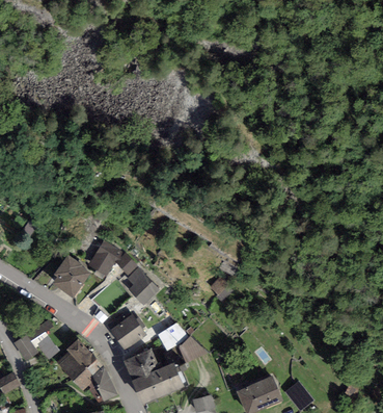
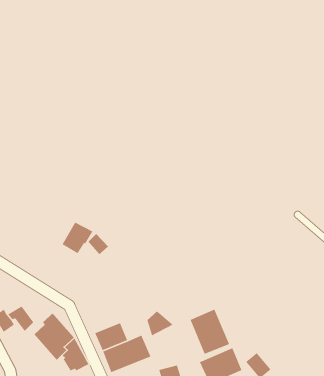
building: [51,256,89,298] -> none
building: [127,267,159,305] -> none
building: [109,313,145,350] -> none
building: [157,324,186,351] -> none
building: none -> [190,308,230,355]

